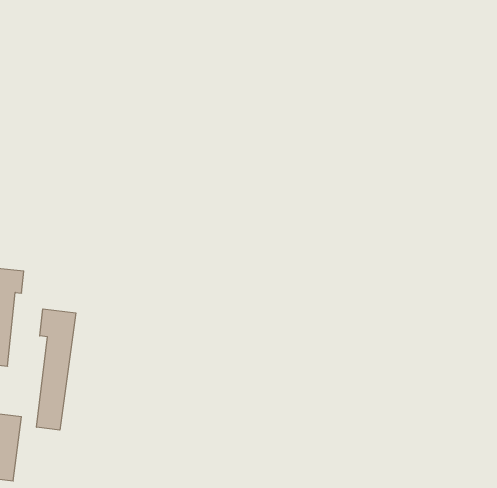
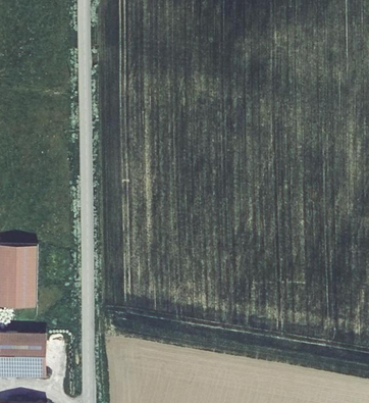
building: [37,309,76,430] -> none

